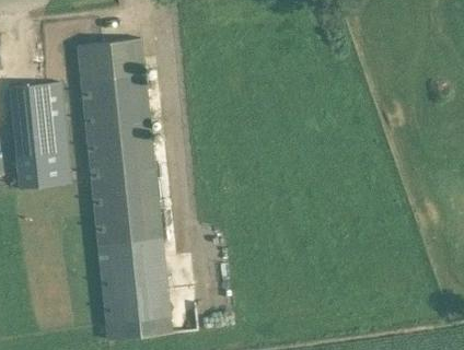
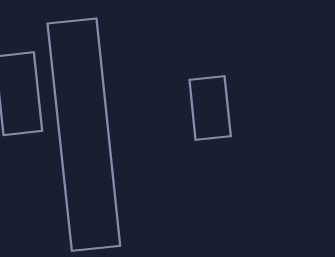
building: none -> [189,76,231,140]

